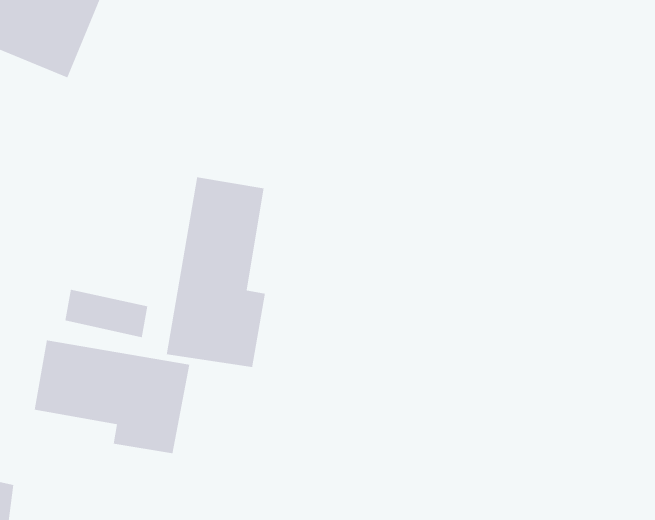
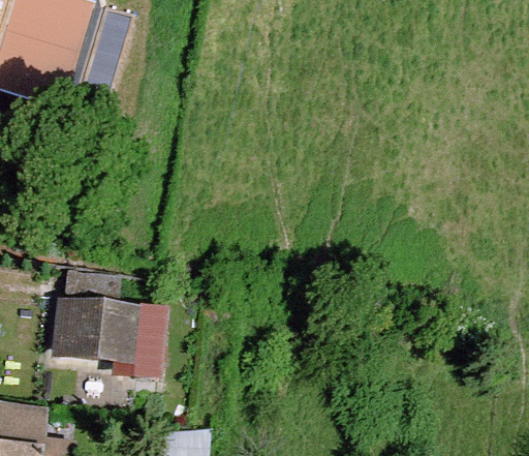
building: [166,177,266,368] -> none

